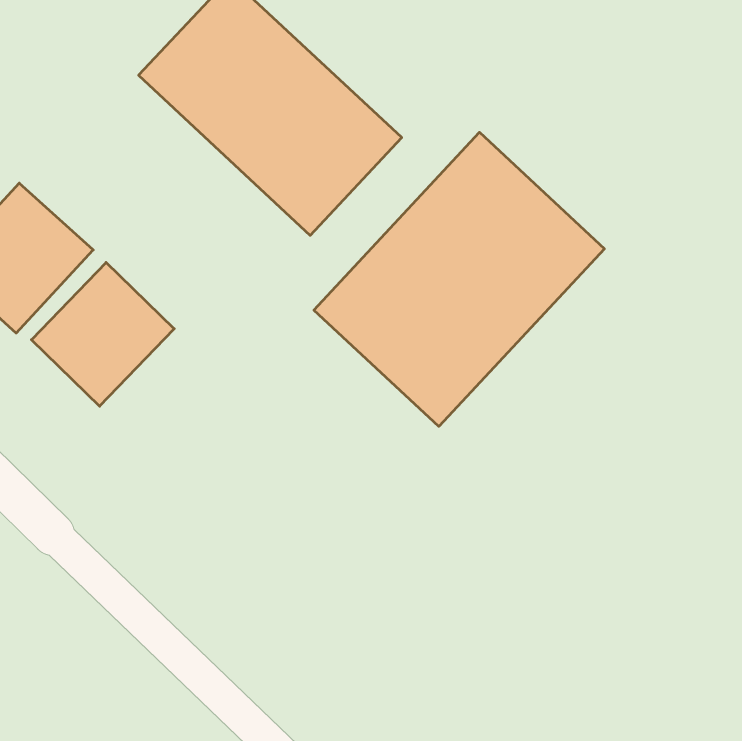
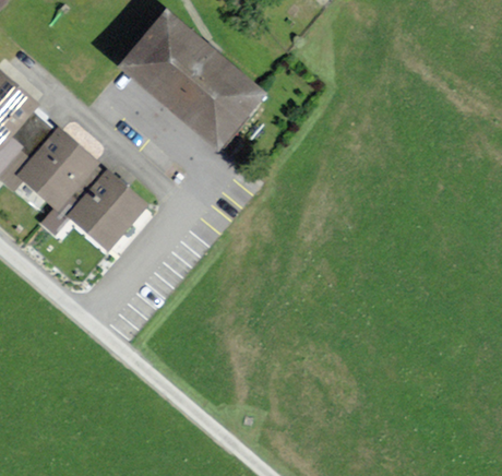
building: [314,132,604,426] -> none

